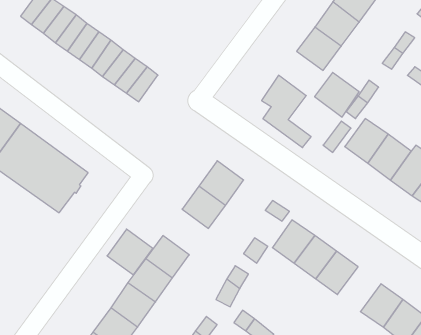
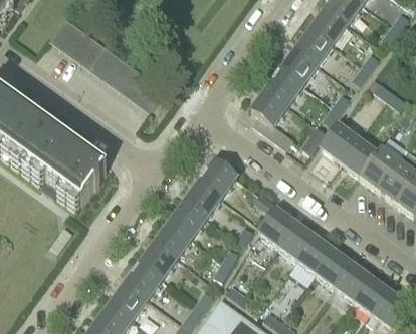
building: [315,72,359,117] -> [264,68,301,105]
building: [107,229,153,275] -> [168,200,206,238]
building: none -> [314,248,350,285]

